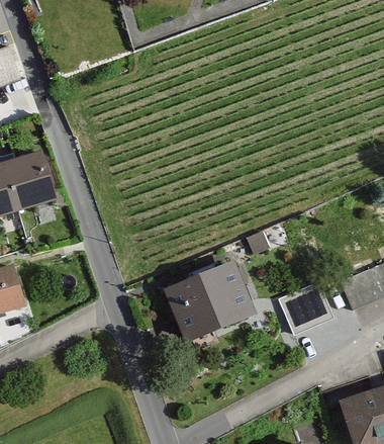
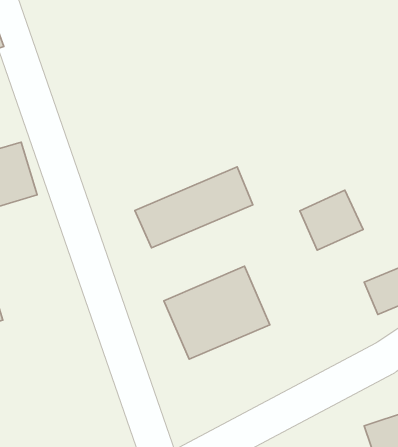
building: none -> [135,167,253,248]
building: [277,278,332,331] -> [300,190,363,250]

